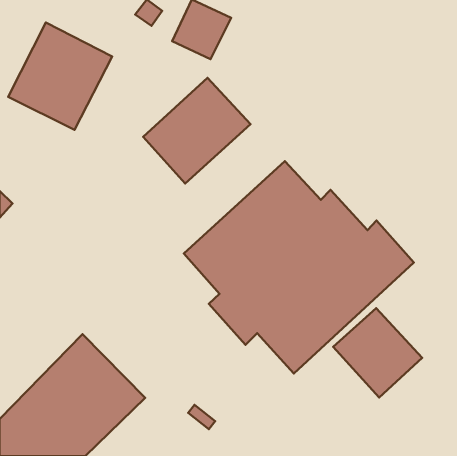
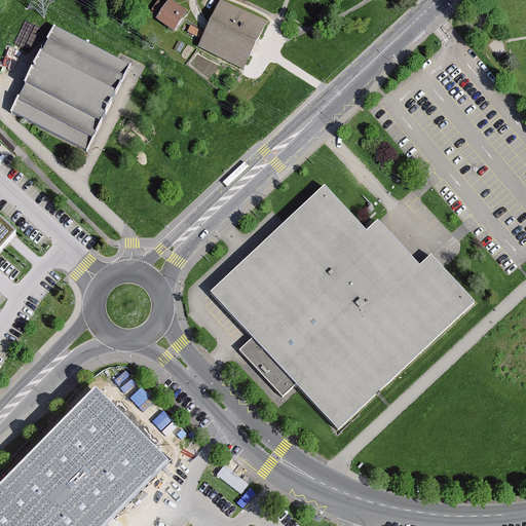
building: [143,78,251,184] -> none
building: [333,308,422,397] -> none

